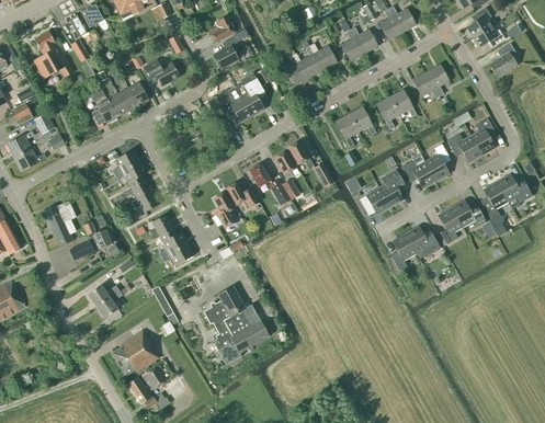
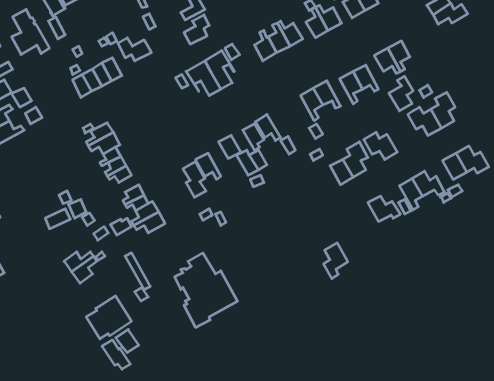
building: [488,43,516,77] -> none
building: [424,144,450,180] -> [389,76,413,111]
building: [42,199,76,244] -> none
building: [390,232,416,270] -> [324,243,348,279]

